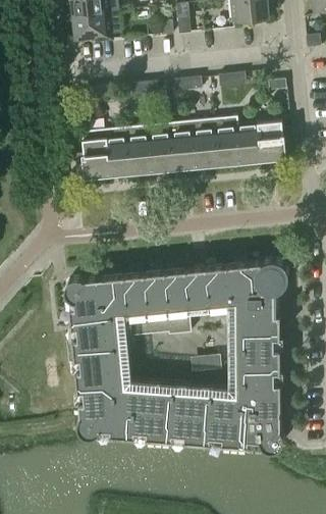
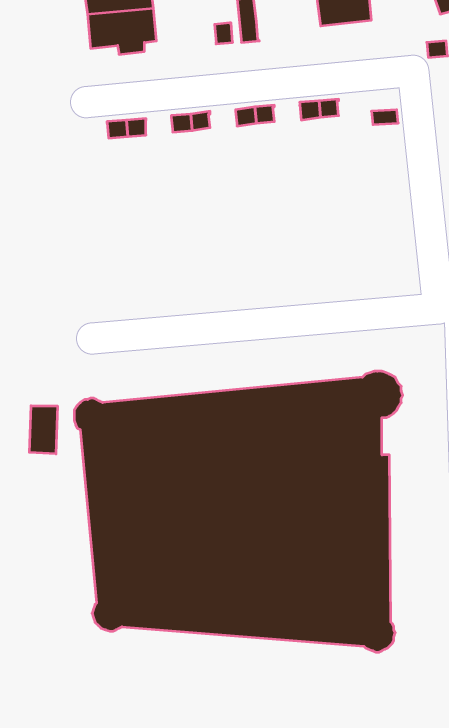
building: [75,118,287,179] -> none
building: none -> [29,406,57,454]

